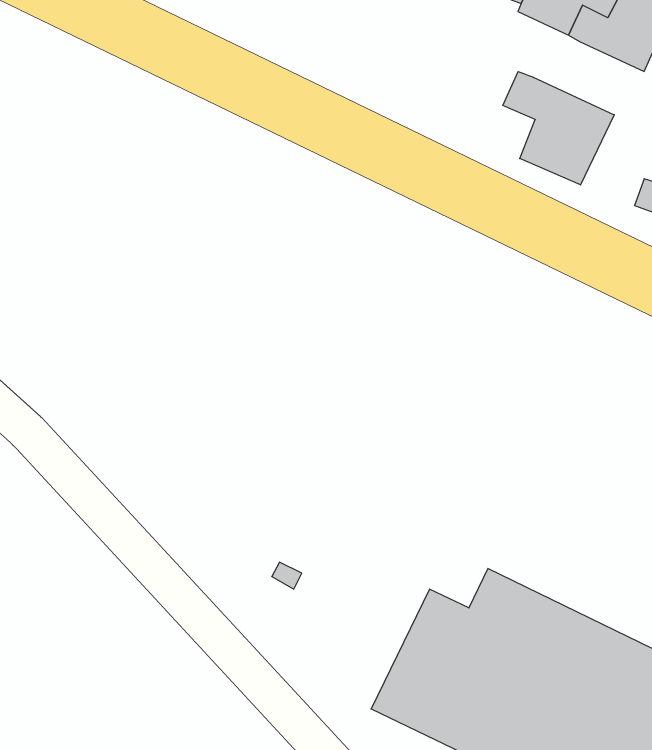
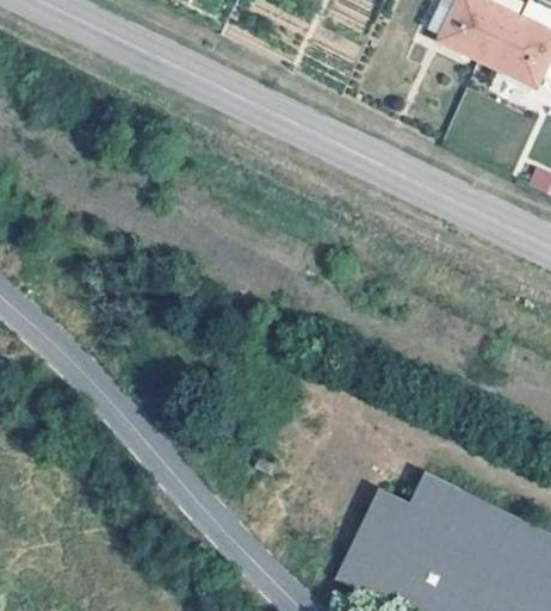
building: [503,72,614,185] -> none

